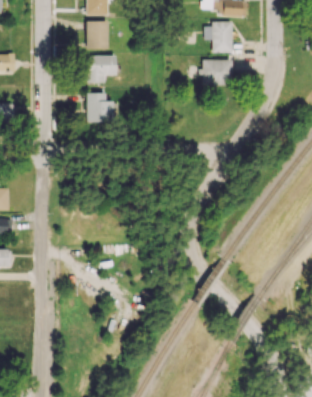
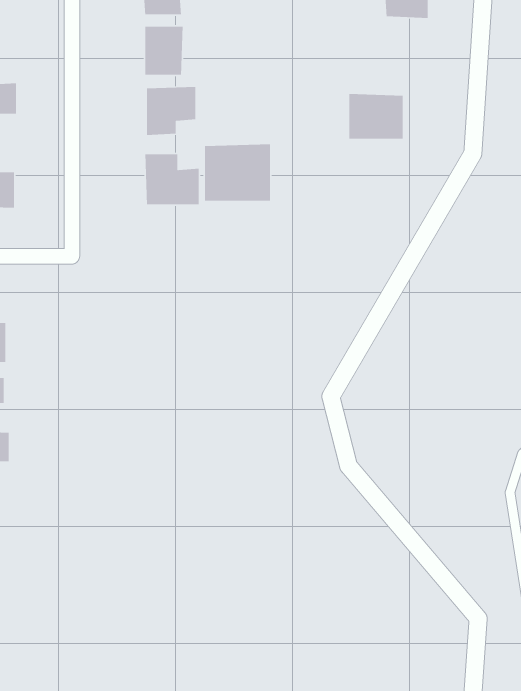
building: [205,22,233,53] -> none
building: none -> [204,143,271,202]

